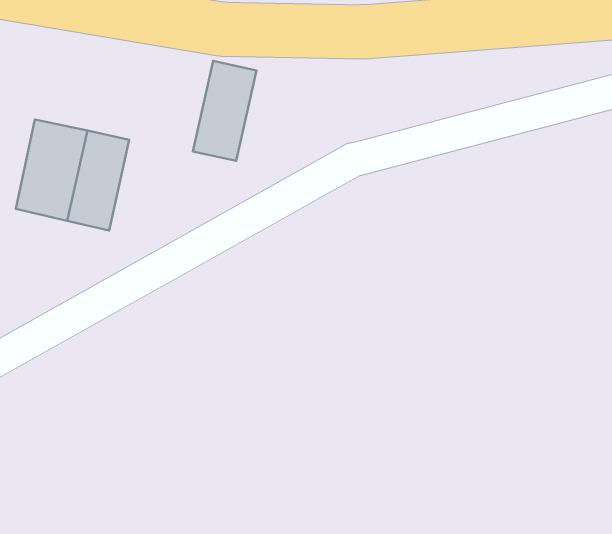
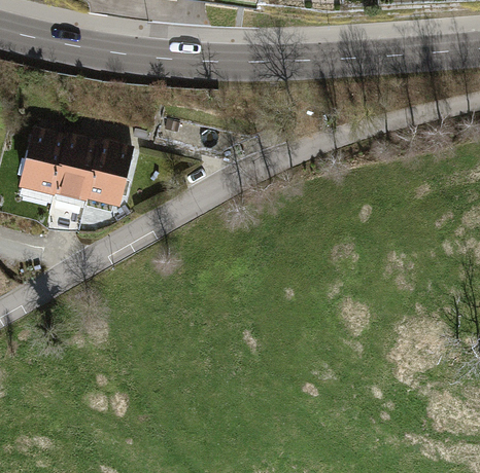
building: [193,61,256,161] -> [89,141,137,217]

